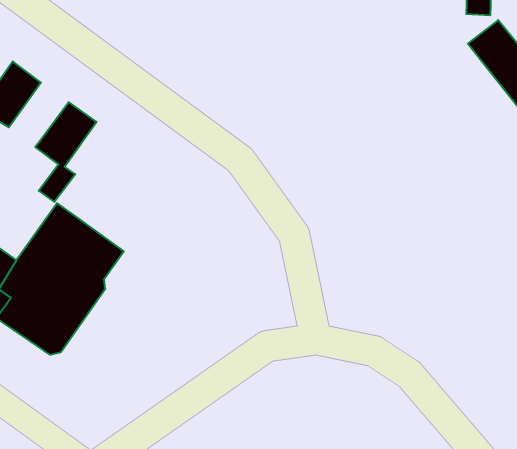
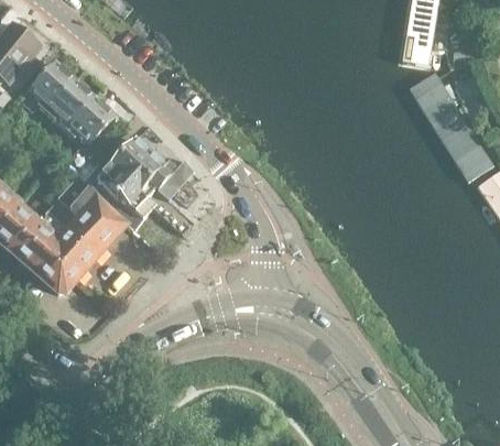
building: none -> [46,80,95,130]
building: none -> [90,139,173,227]

